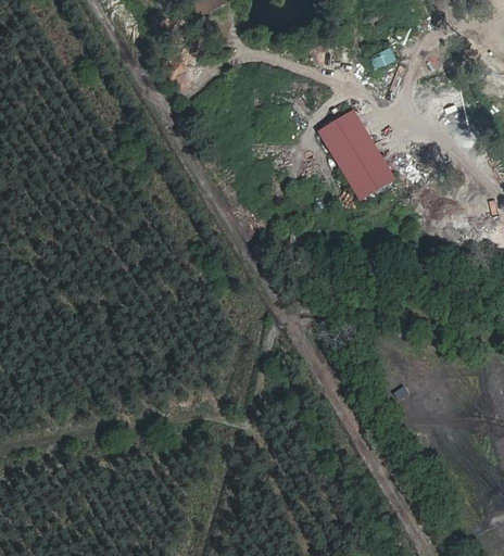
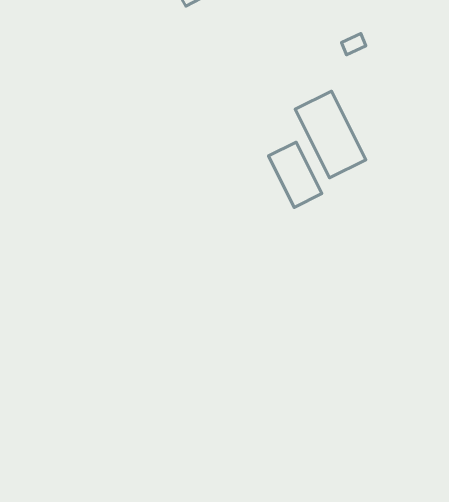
building: none -> [268,142,322,207]

